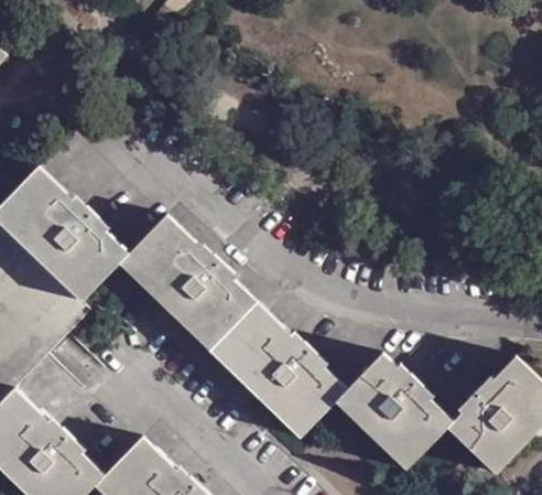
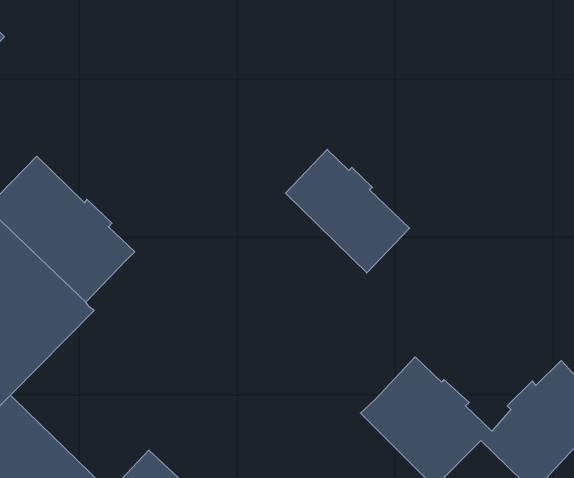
building: none -> [285,149,410,273]
building: [120,214,349,440] -> none

